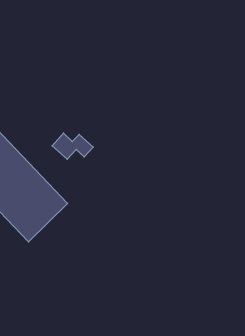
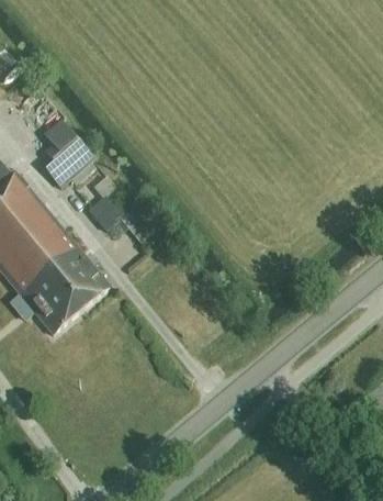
building: none -> [43,121,93,189]

